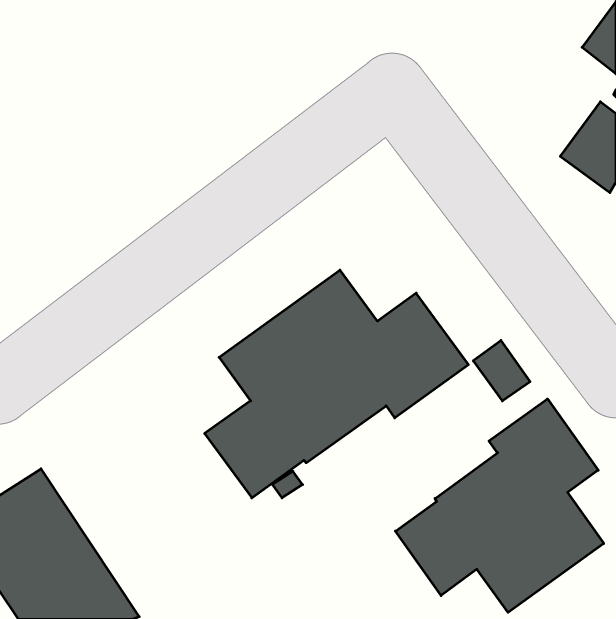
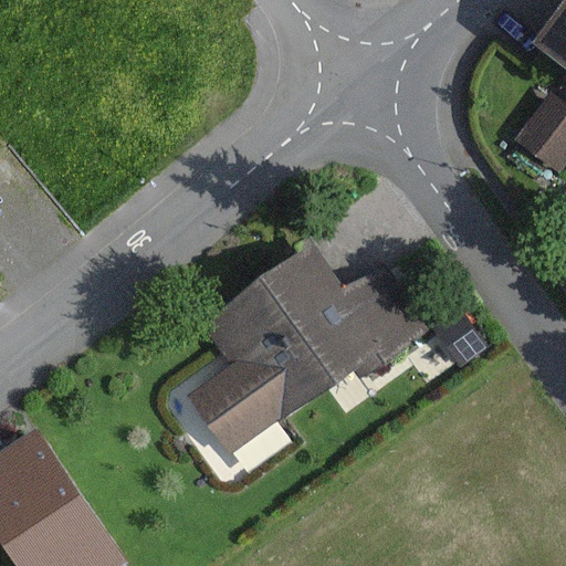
building: [395,399,604,612] -> none

